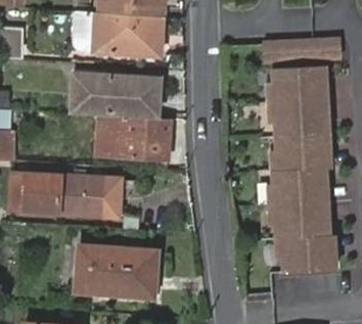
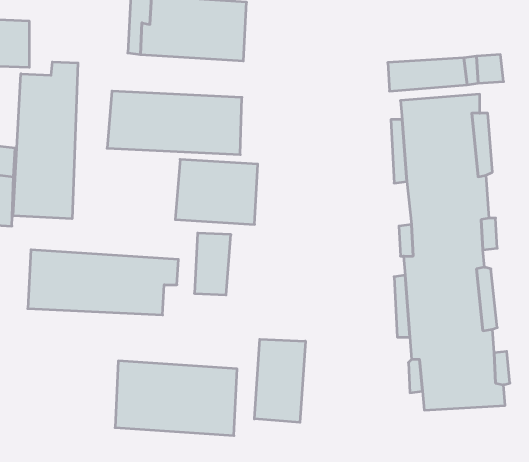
building: none -> [13,62,78,219]
building: [98,115,122,155] -> [194,233,231,295]
building: none -> [254,339,305,422]

